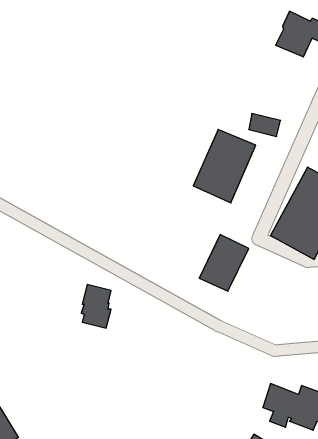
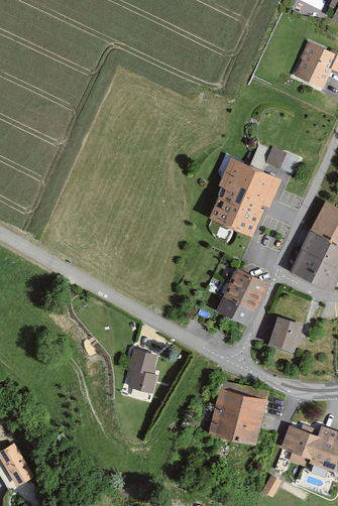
building: none -> [267,318,302,354]
building: [81,284,111,328] -> [127,346,157,390]
building: none -> [210,387,265,442]

